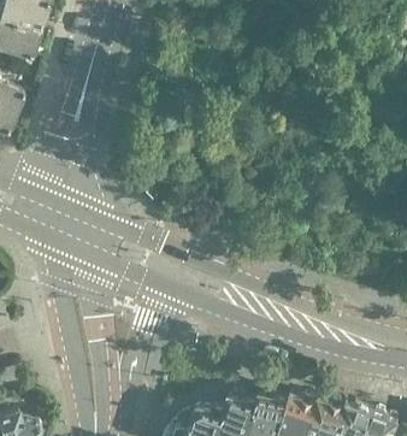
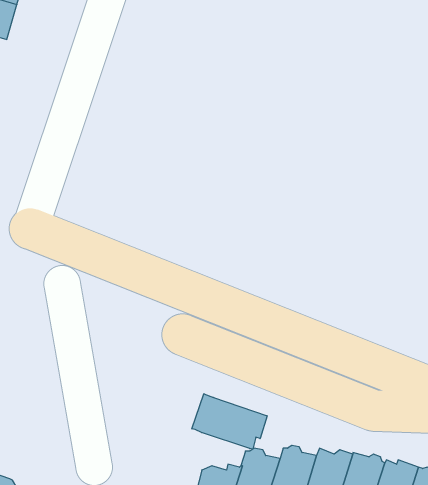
building: none -> [192,394,267,449]

